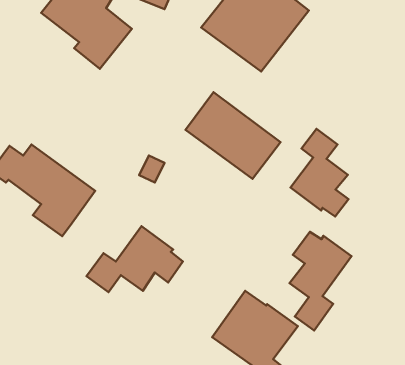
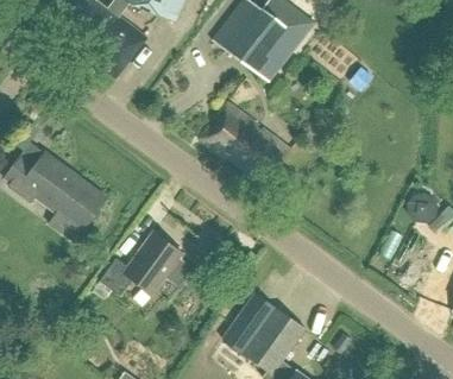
building: [290,129,349,217] -> none
building: [290,232,352,330] -> none

